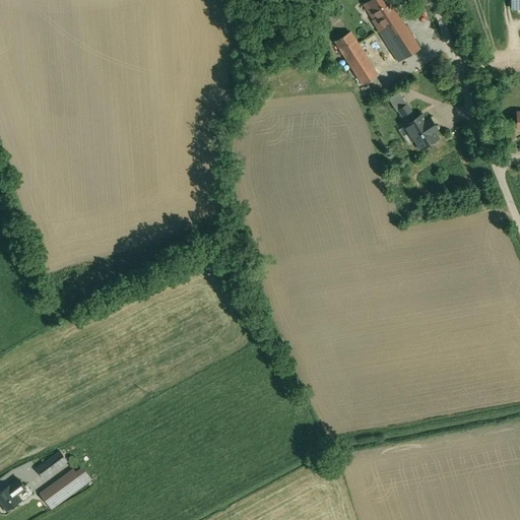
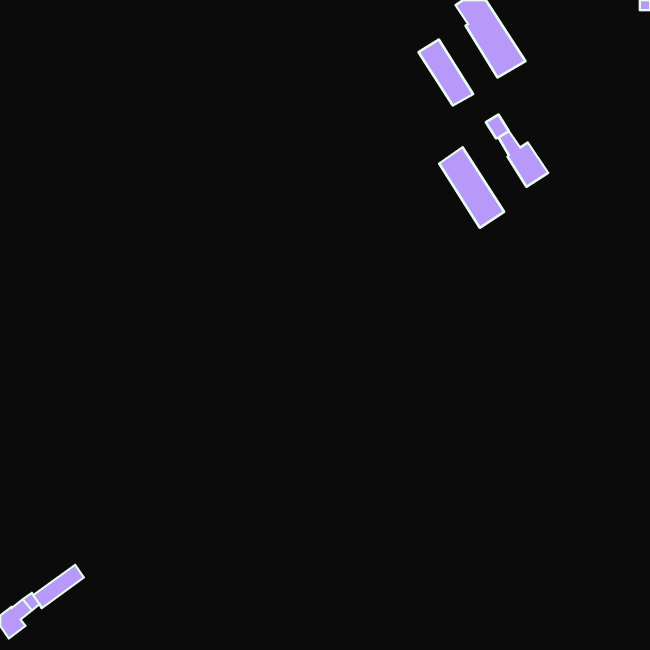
building: none -> [439,147,504,228]
building: [40,468,90,509] -> none

